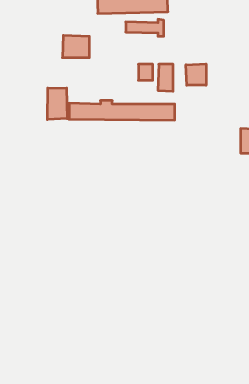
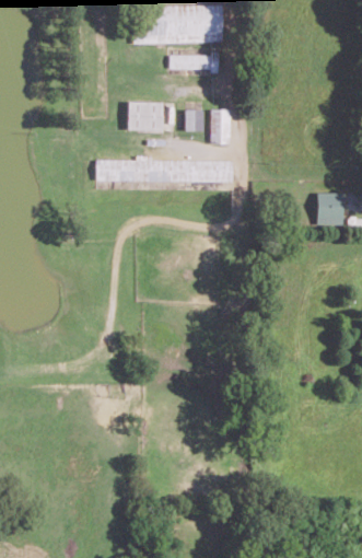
building: [62,35,89,58] -> [127,102,162,130]
building: [186,64,206,85] -> none
building: [47,88,67,120] -> none

